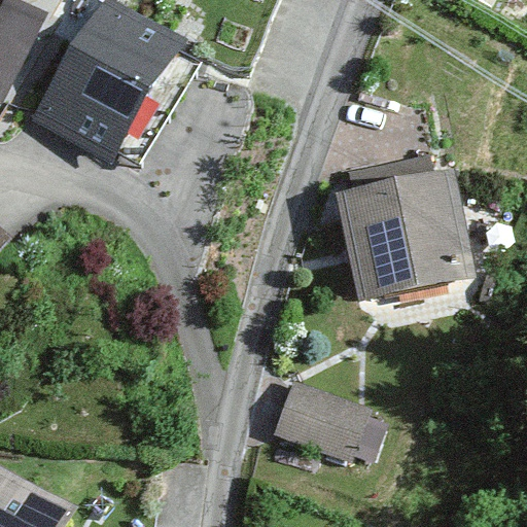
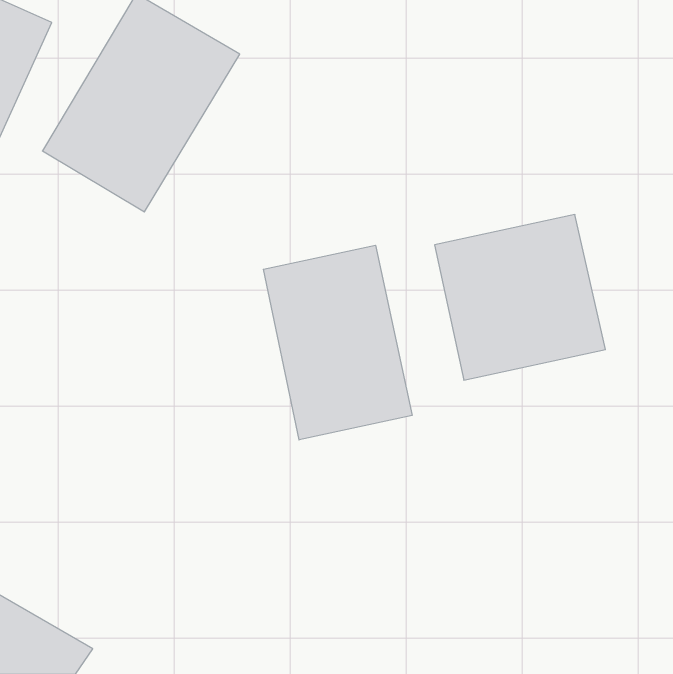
building: none -> [263,245,412,440]
building: [271,390,367,468] -> none

